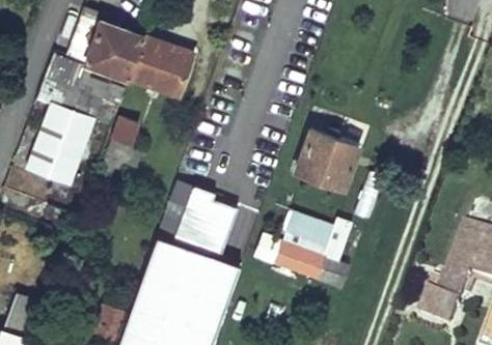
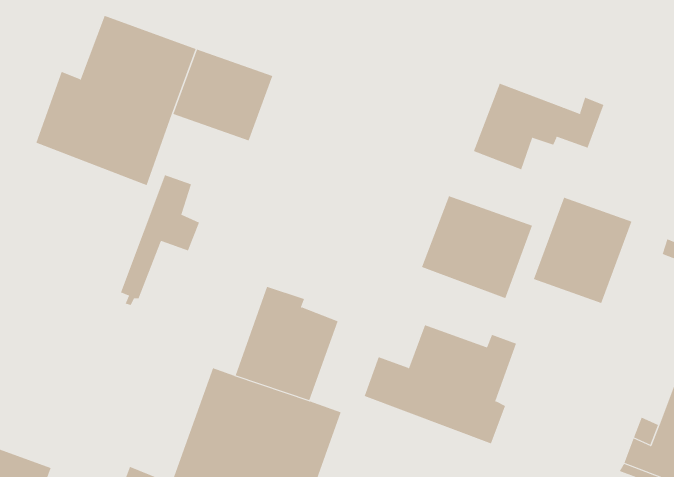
building: none -> [473,83,604,170]
building: [28,94,111,186] -> none
building: none -> [533,197,632,304]

